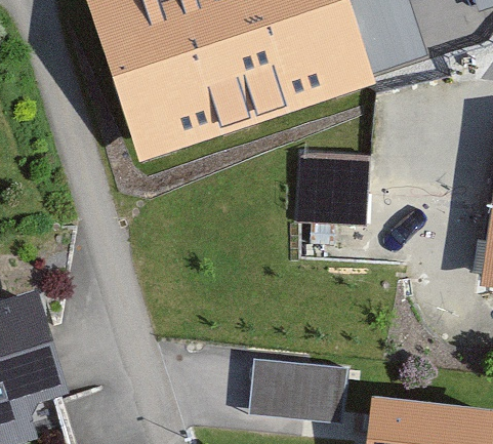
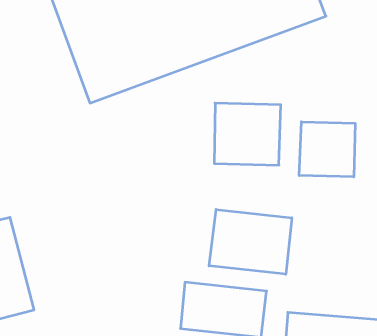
building: none -> [299,122,355,177]
building: none -> [209,209,292,274]

